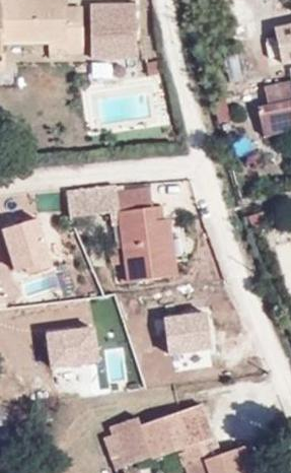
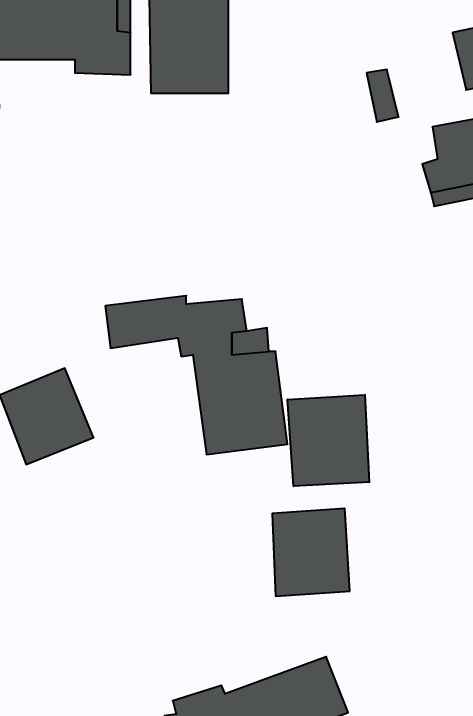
building: none -> [288,395,369,486]
building: [48,340,97,370] -> none

